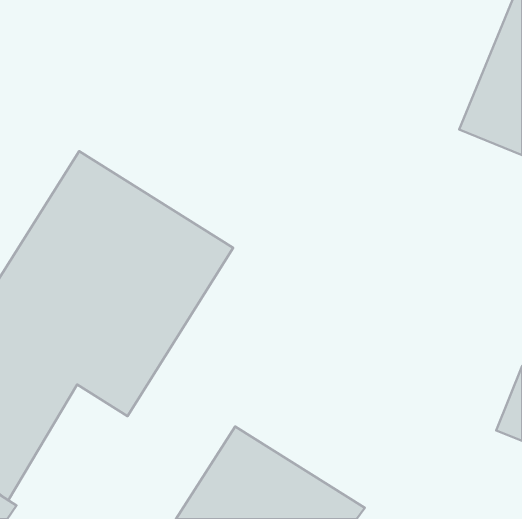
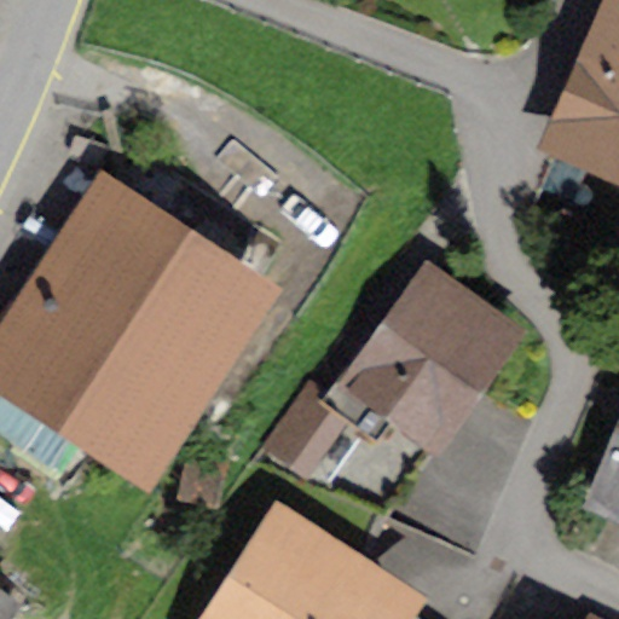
building: none -> [348,268,522,447]
building: none -> [260,369,368,478]

